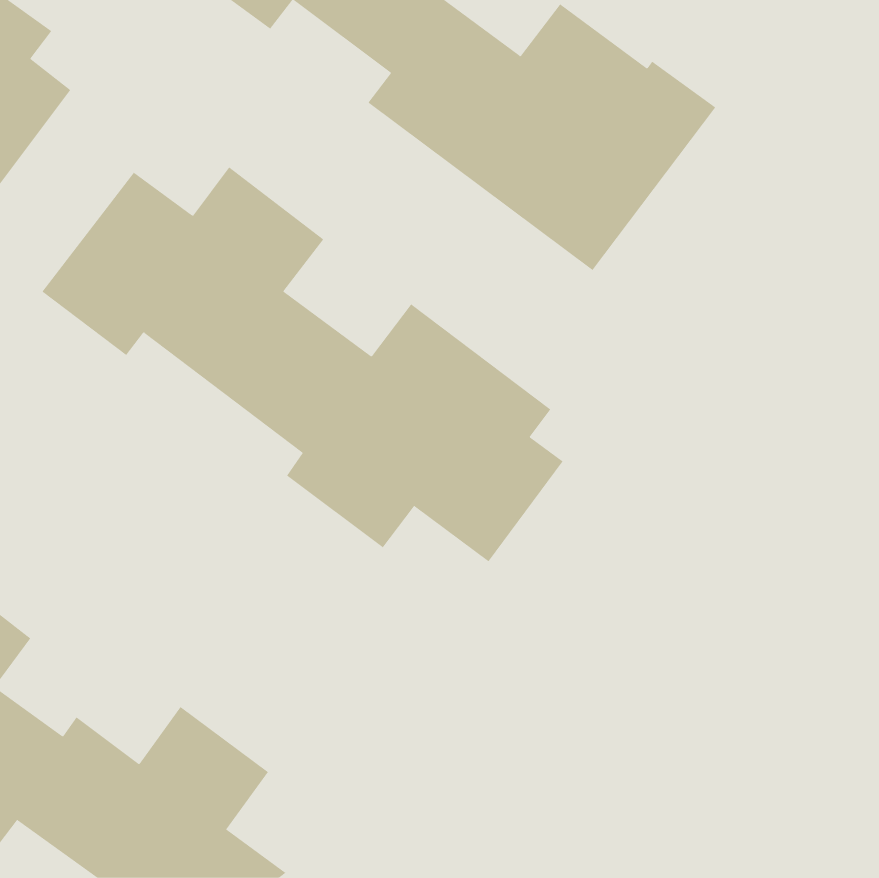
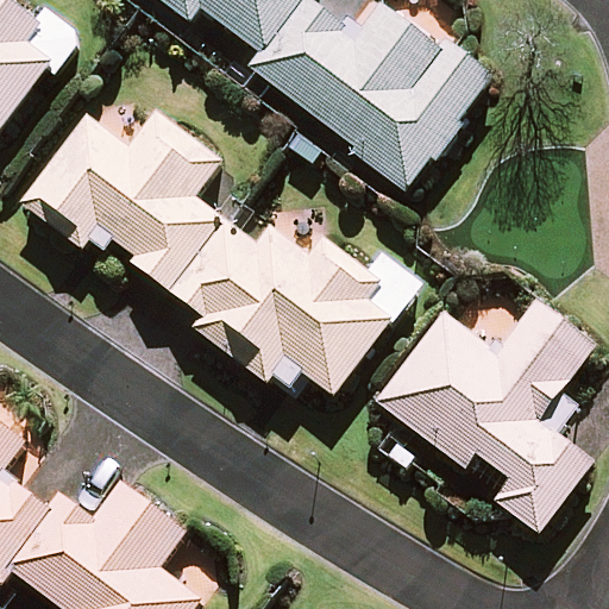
building: none -> [377,300,597,529]

